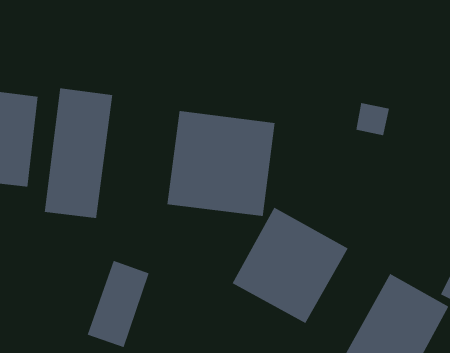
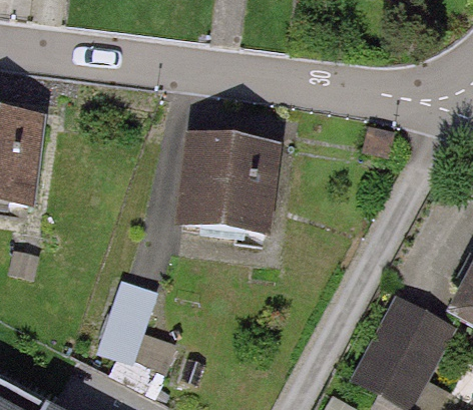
building: [44,88,113,219] -> none
building: [232,207,349,324] -> none

